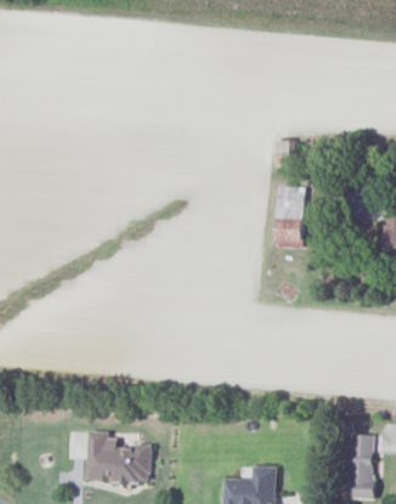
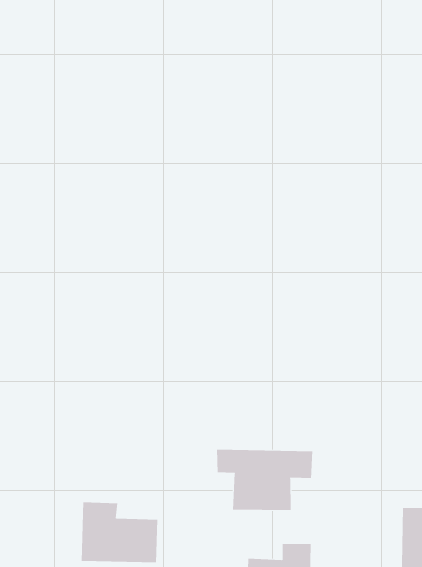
building: [276,187,305,249] -> none
building: none -> [217,449,313,511]

